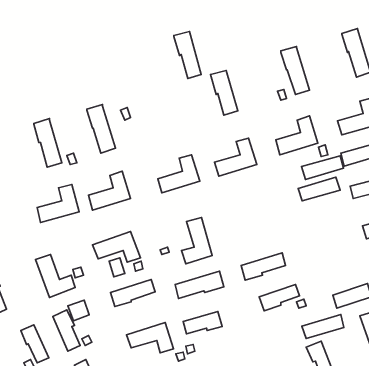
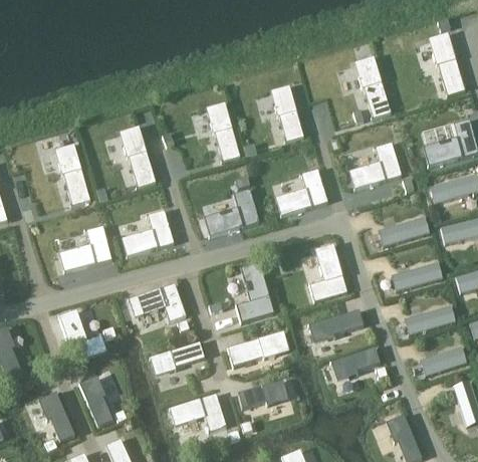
building: [174,32,201,79] -> [207,104,240,162]
building: [302,156,344,180] -> [391,262,442,291]
building: none -> [310,246,347,300]
building: [302,314,344,338] -> [404,305,455,334]

